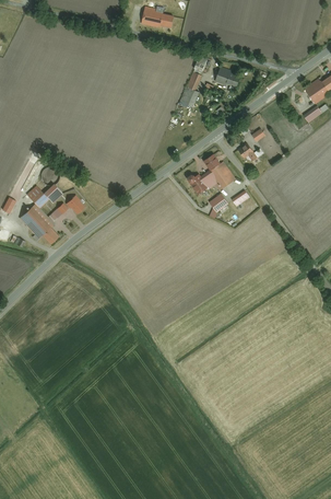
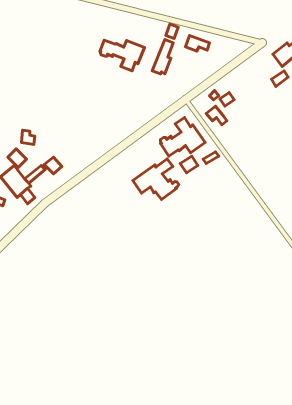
building: none -> [100,40,144,71]
building: none -> [133,159,179,200]

